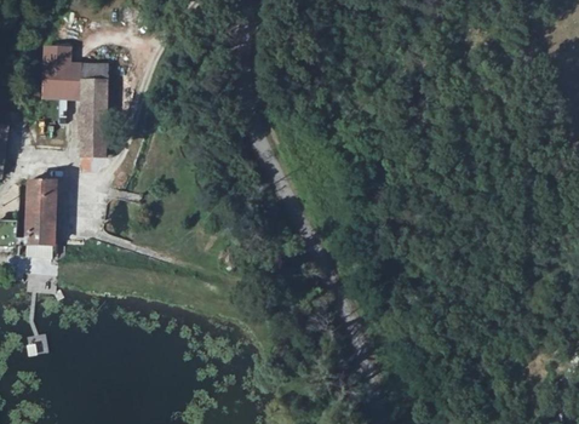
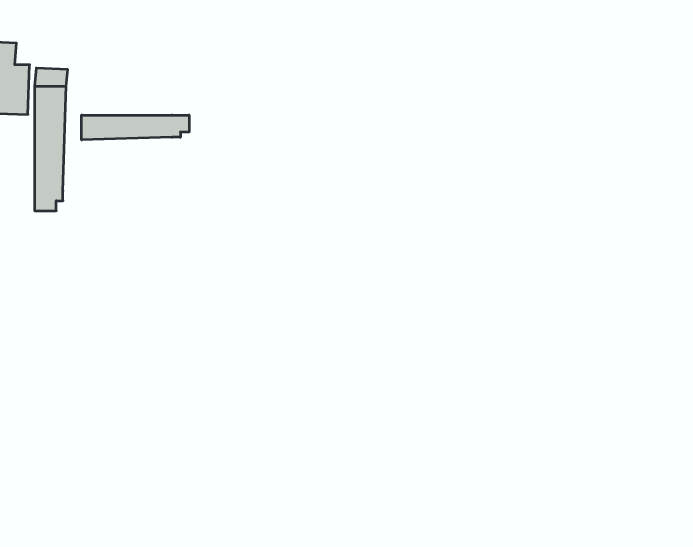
building: none -> [82,115,189,140]

